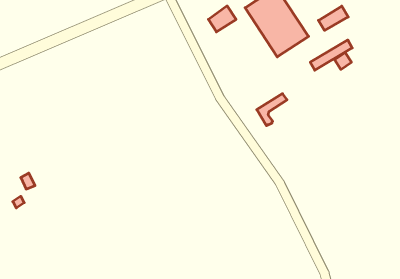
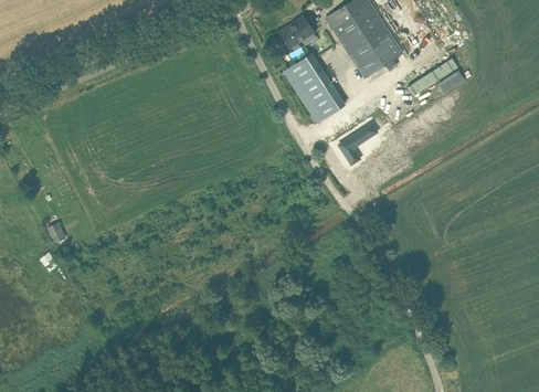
building: [318,6,348,30] -> none
building: none -> [283,53,346,123]

